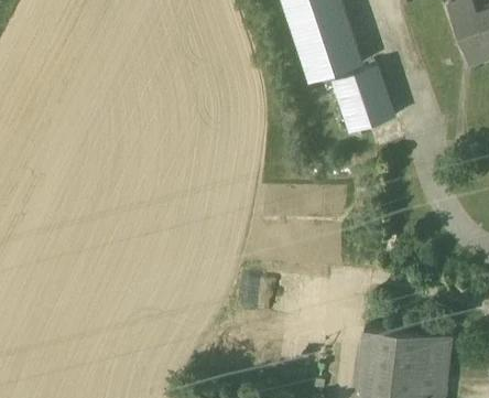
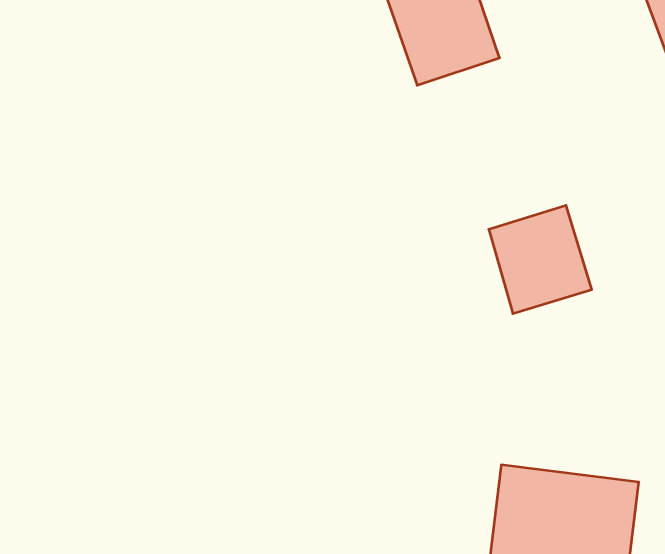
building: [333,64,399,133] -> [489,205,592,314]

